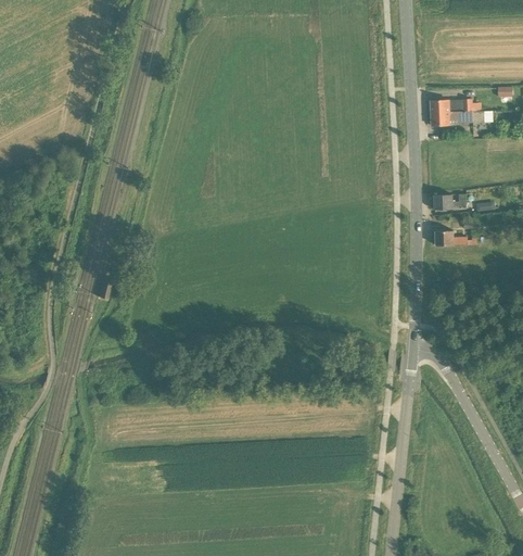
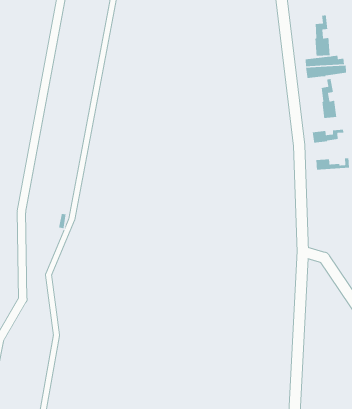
building: none -> [315,14,330,57]
building: none -> [321,78,337,119]

